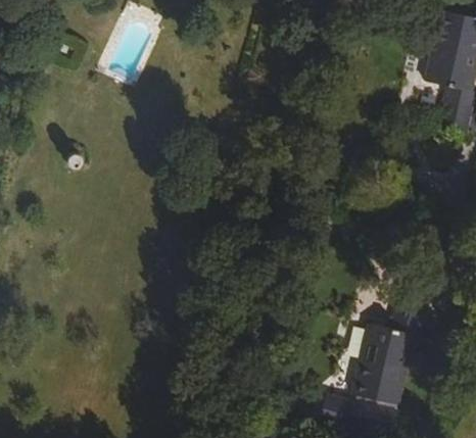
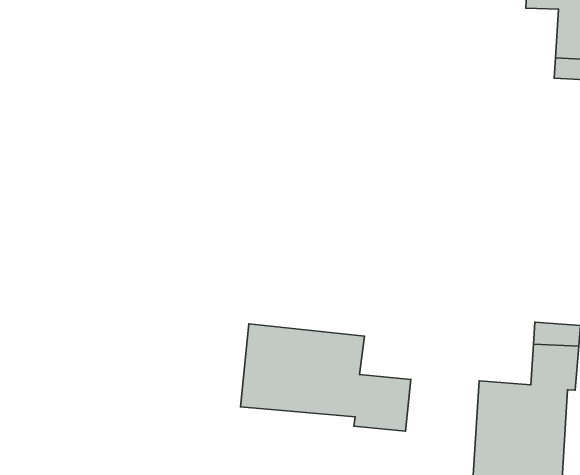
building: none -> [240,324,411,431]

